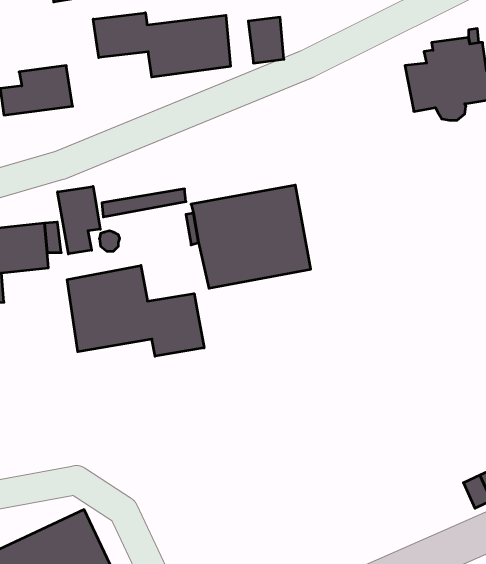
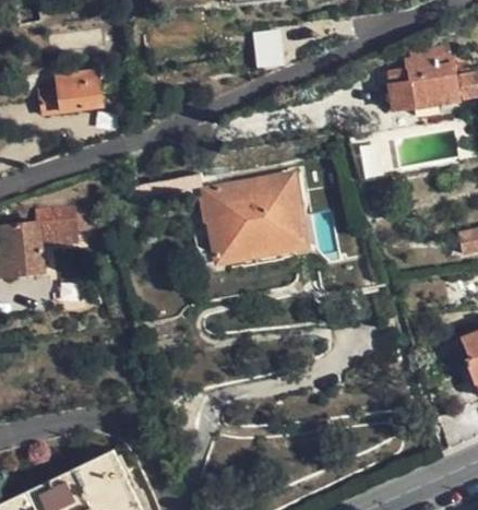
building: [93,13,230,77] -> none
building: [58,186,100,254] -> none
building: [67,265,204,356] -> none

